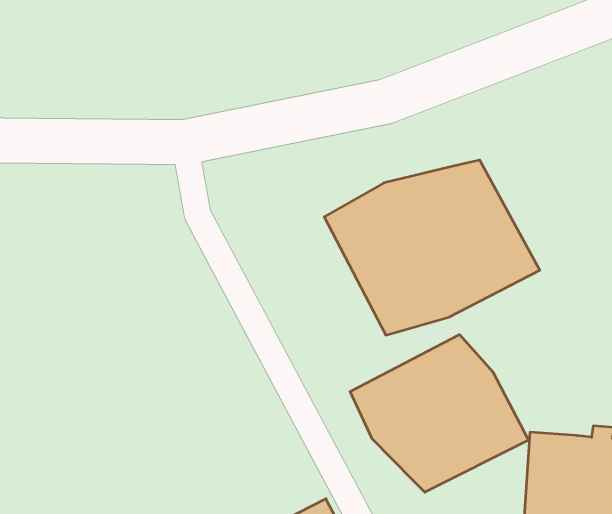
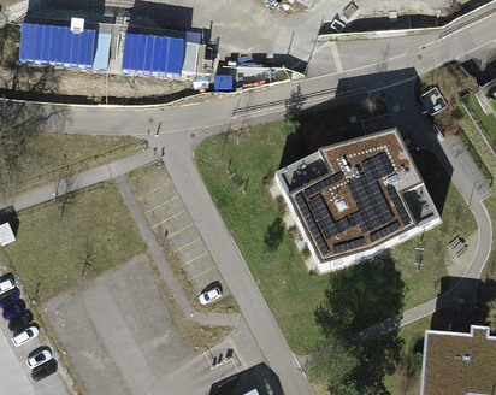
building: [350,335,529,492] -> none

